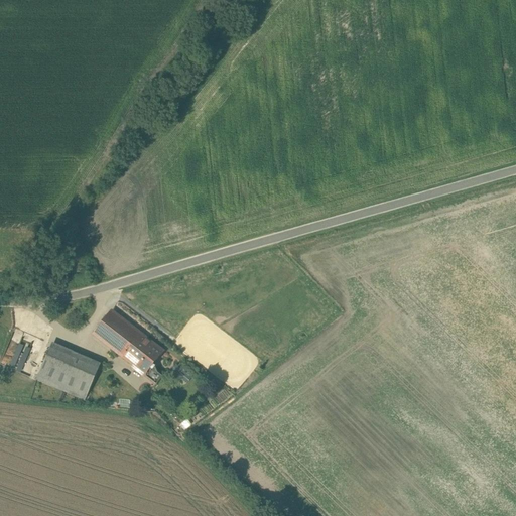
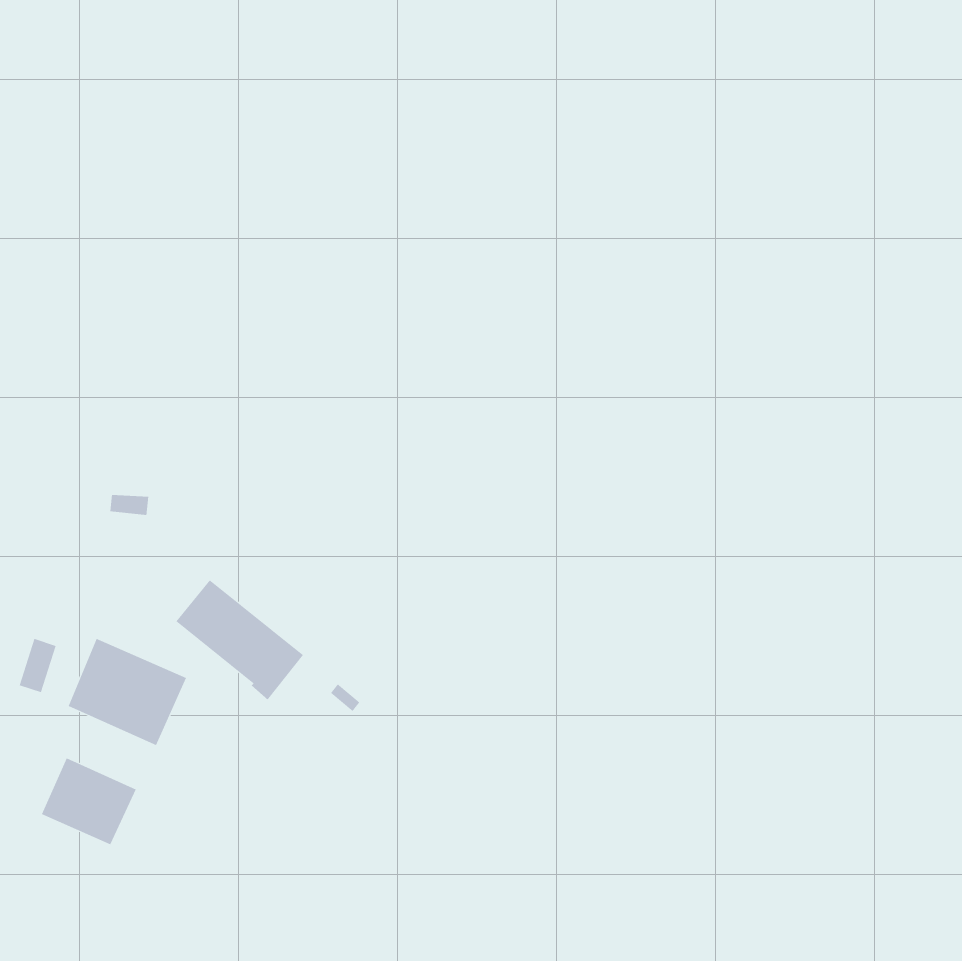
building: none -> [41,758,137,845]

